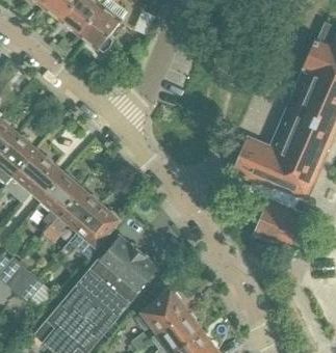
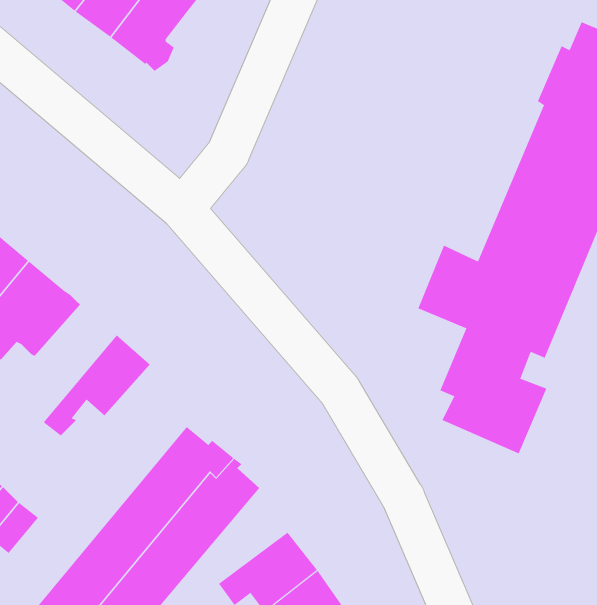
building: [40,173,82,235] -> none
building: [62,205,119,256] -> none

